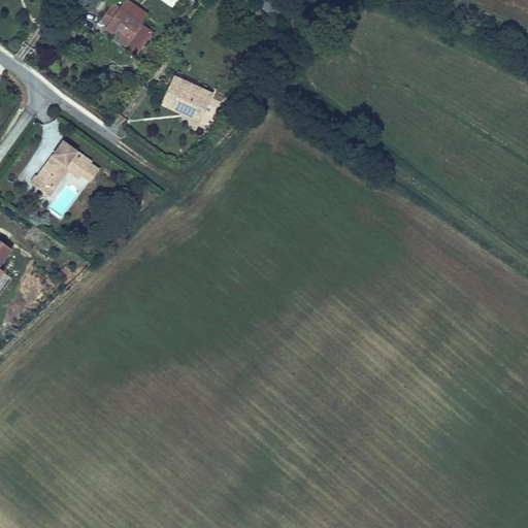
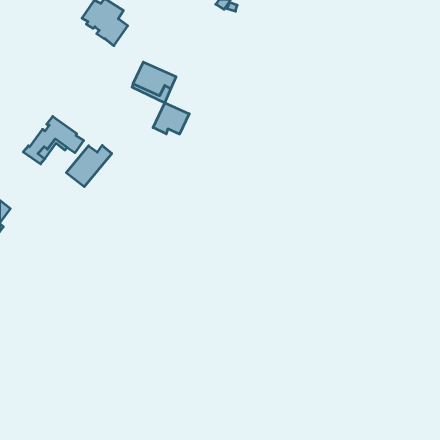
building: none -> [153,103,189,134]
building: none -> [66,145,112,187]

